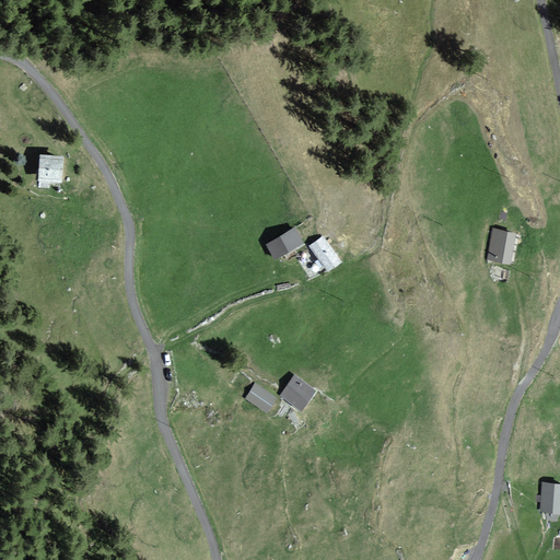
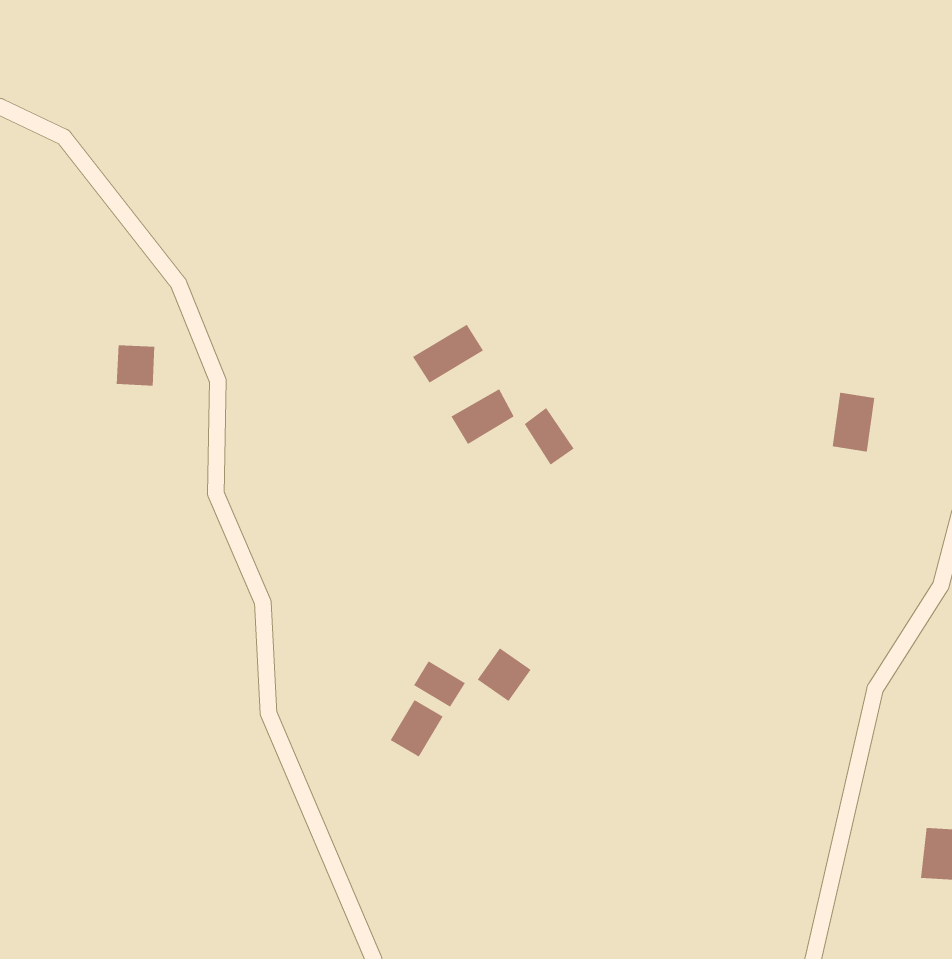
building: [39,155,62,179] -> [116,345,155,386]
building: none -> [412,324,484,384]
building: none -> [390,699,444,757]

